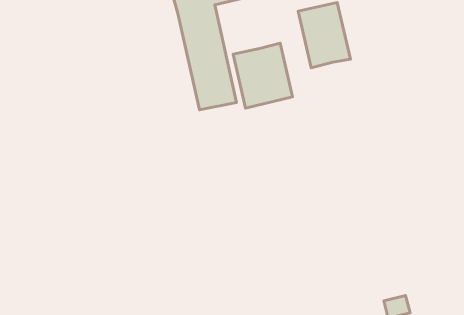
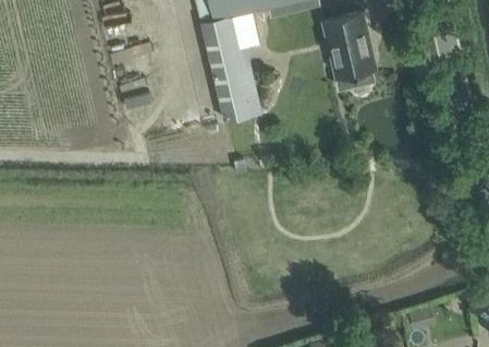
building: [233,43,292,108] -> none

